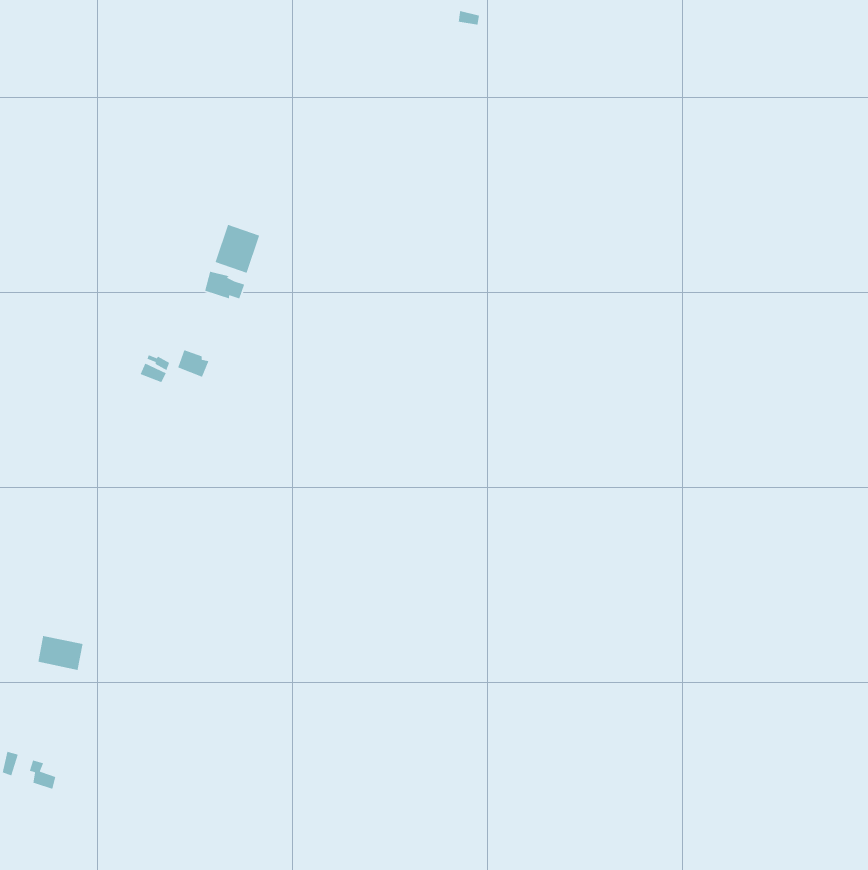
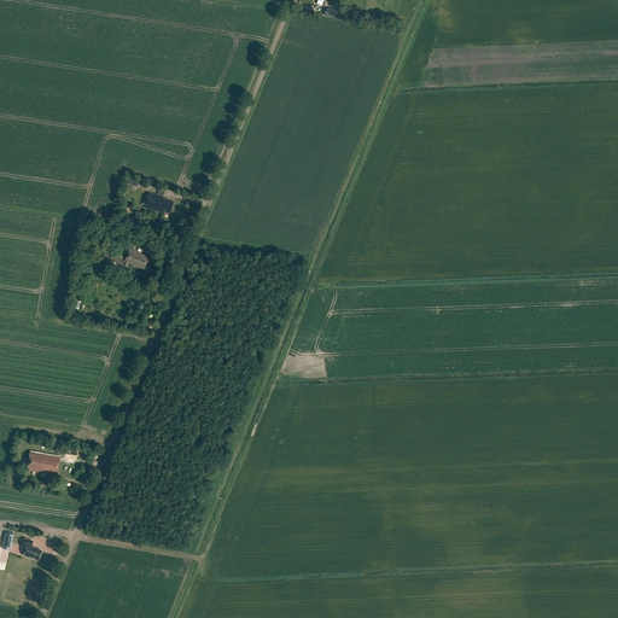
building: [215,224,260,274] -> none

